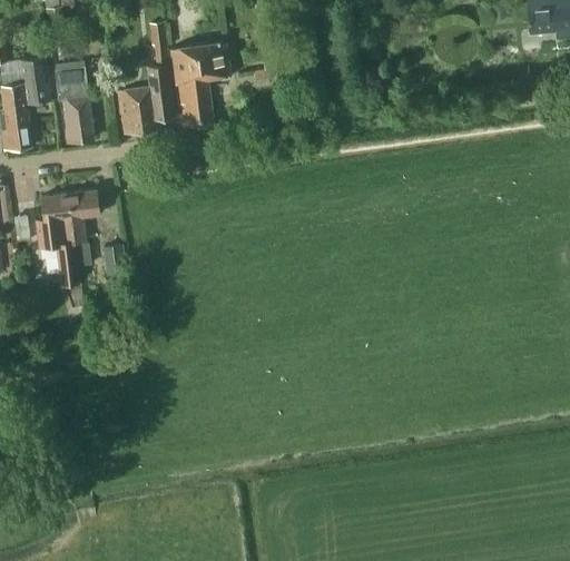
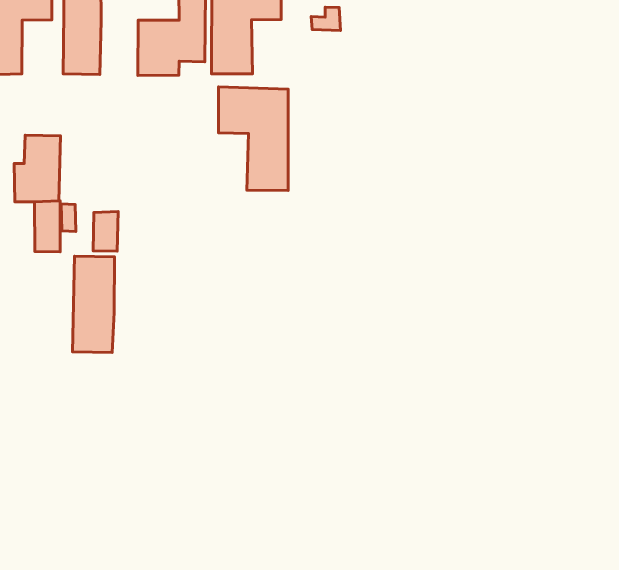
building: none -> [218,87,288,191]
building: [68,188,100,243] -> none
building: none -> [72,256,114,353]

